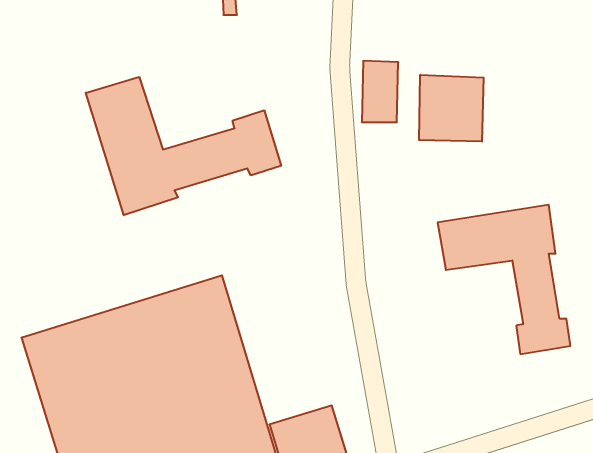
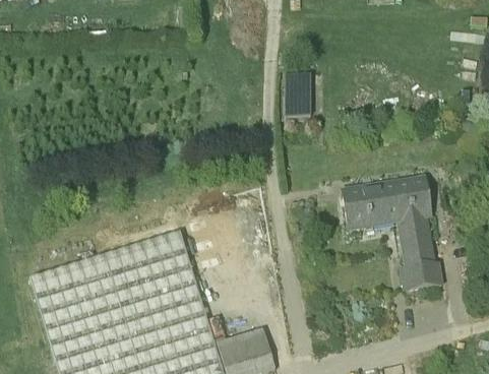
building: [419,75,484,142] -> none
building: [86,77,281,215] -> none

